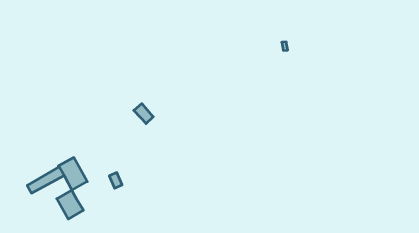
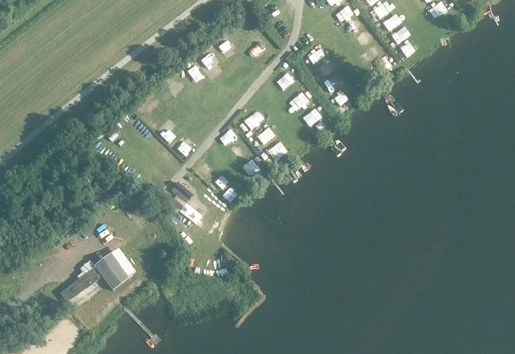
building: [57,190,83,219] -> none

